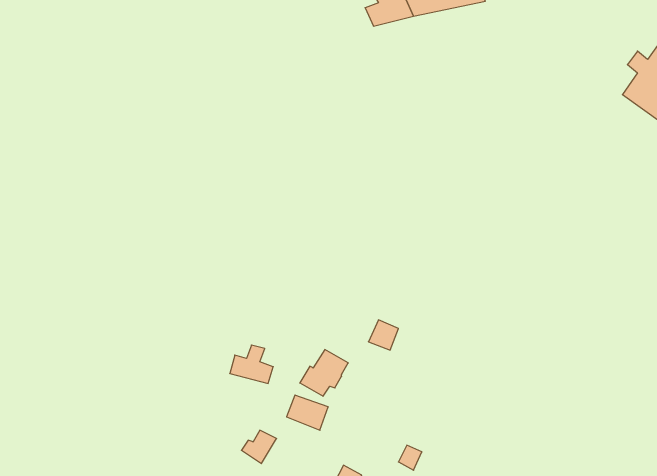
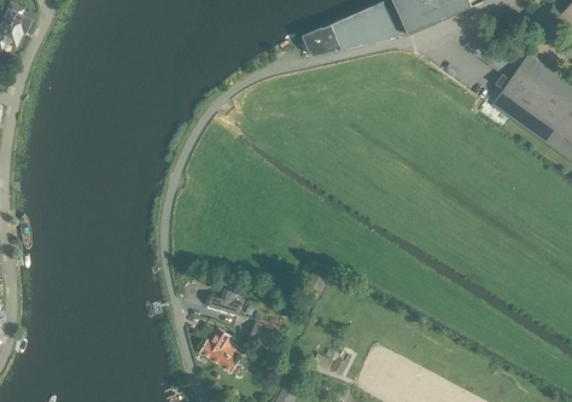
building: [300,350,348,396] -> [200,327,235,361]

